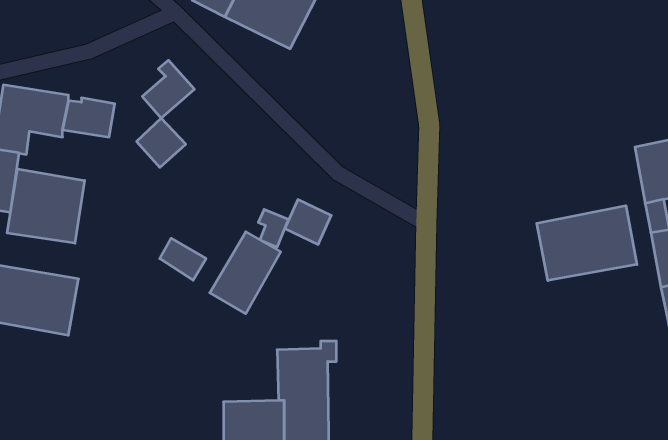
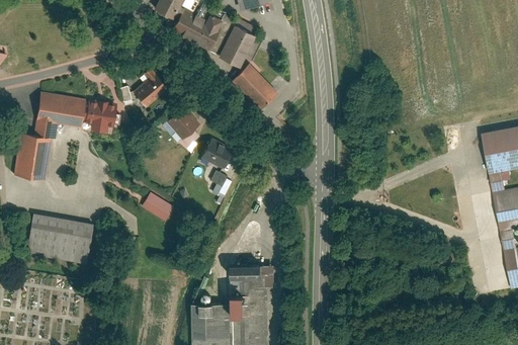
building: none -> [230,61,277,108]
building: [137,118,186,167] -> [172,110,206,145]
building: [7,169,85,243] -> none
building: [285,200,331,244] -> [204,143,237,174]
building: [537,206,637,281] -> none
building: [210,232,281,314] -> none

